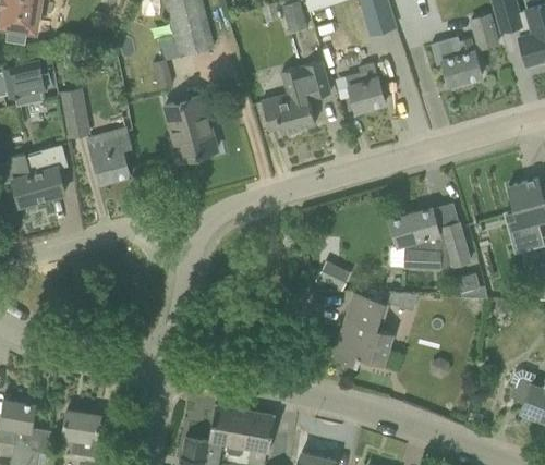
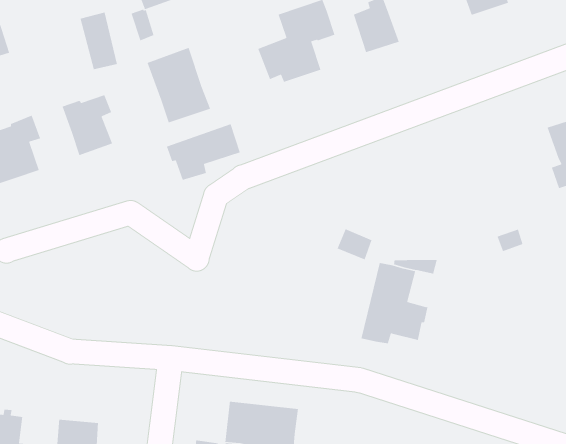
building: [60,88,90,138] -> [79,11,118,70]
building: none -> [166,123,241,181]
building: [392,209,471,269] -> none

